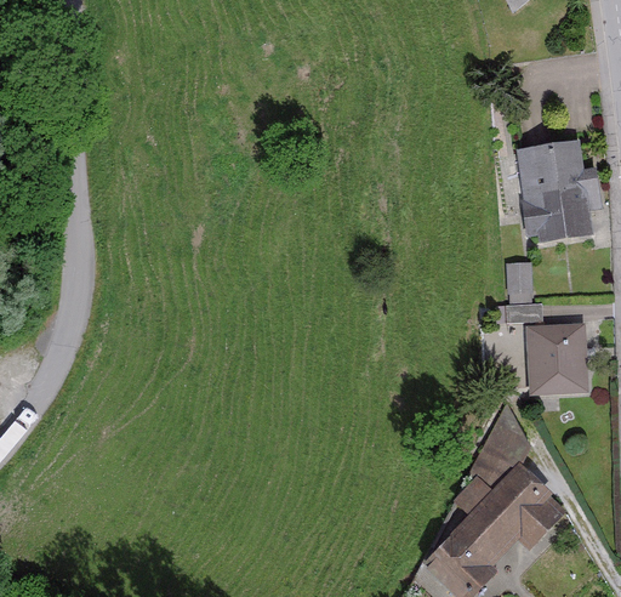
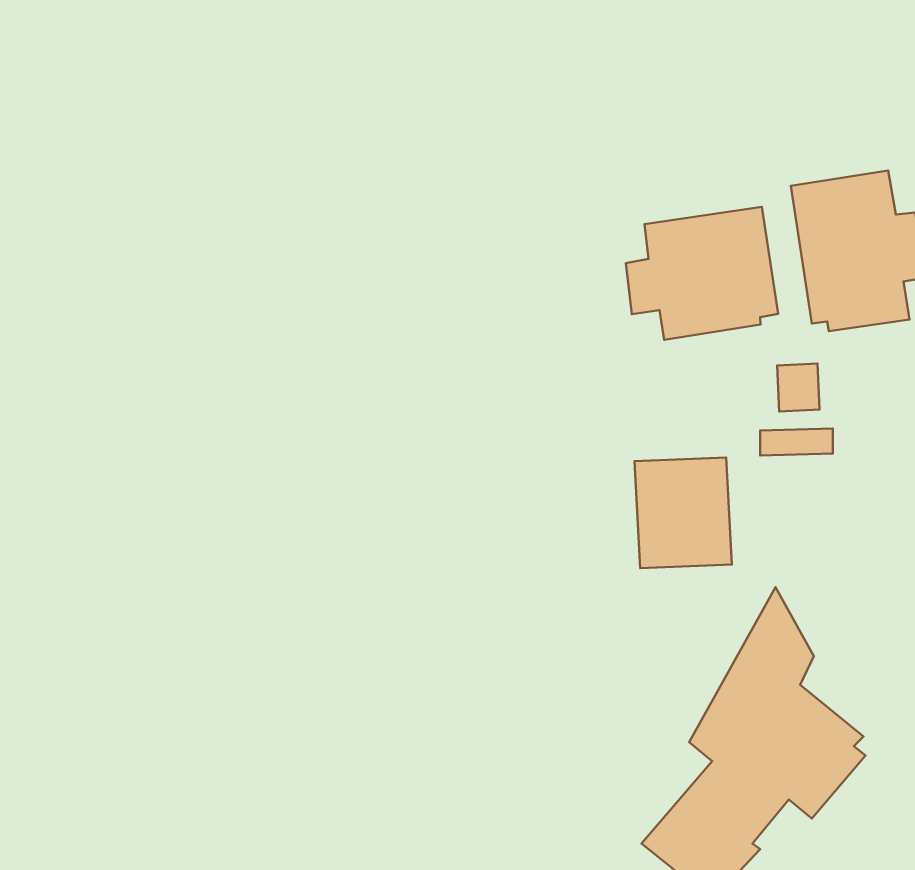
building: none -> [626,207,778,340]
building: [526,324,588,394] -> [634,457,732,568]

